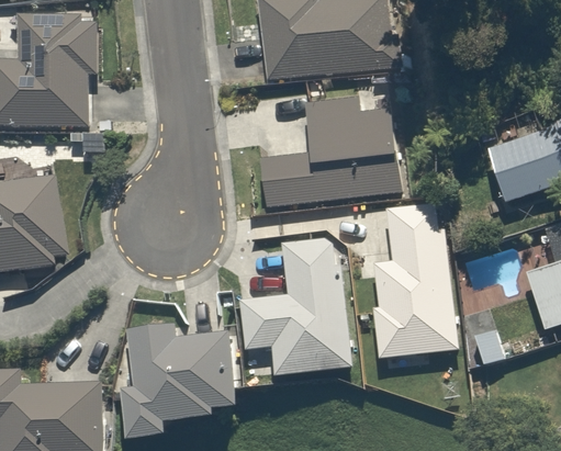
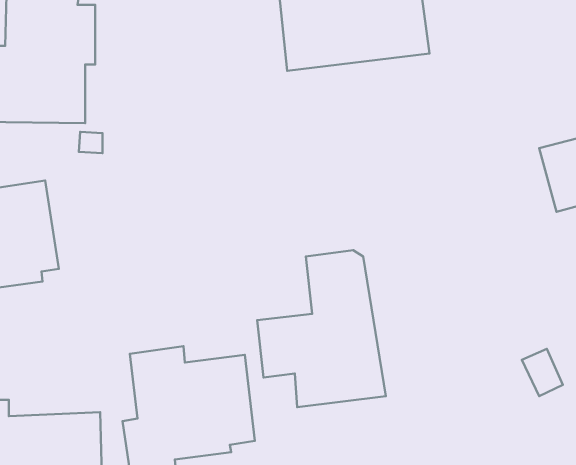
building: [260,95,400,207] -> none
building: [372,203,458,359] -> none

